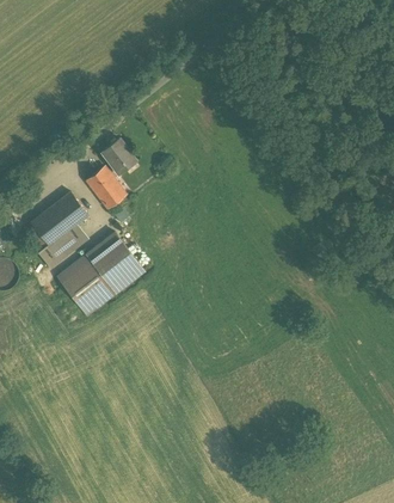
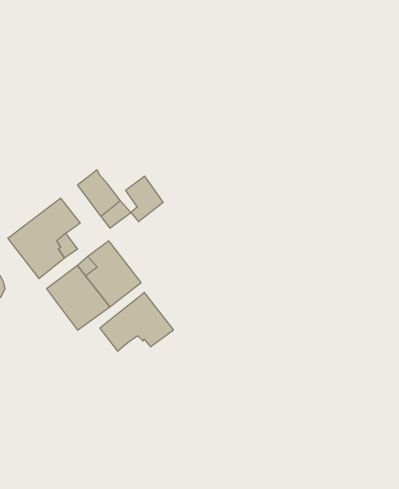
building: [101,136,136,178] -> [126,176,163,222]
building: none -> [100,292,173,351]

